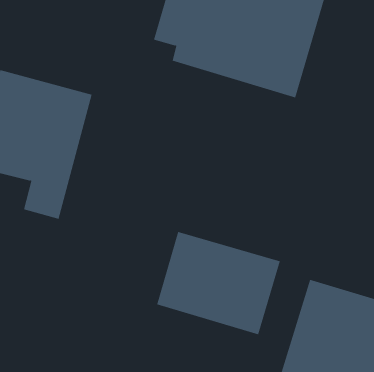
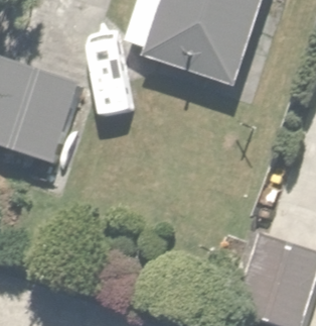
building: [156,231,281,335] -> none

